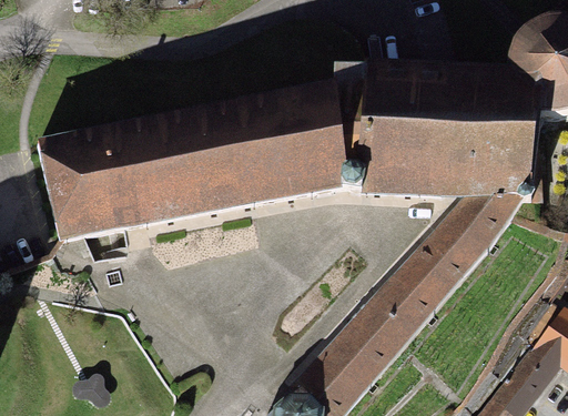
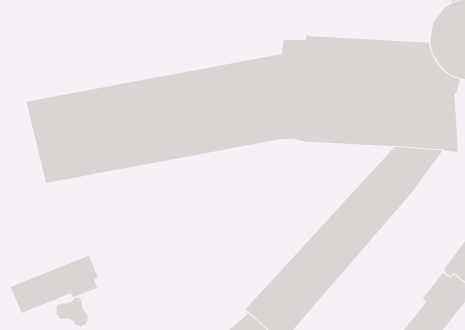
building: none -> [10,255,99,314]

